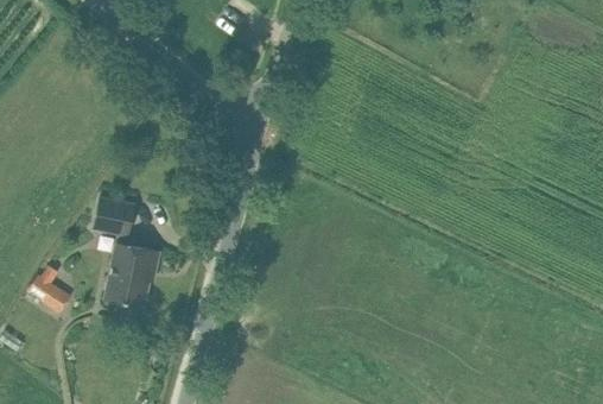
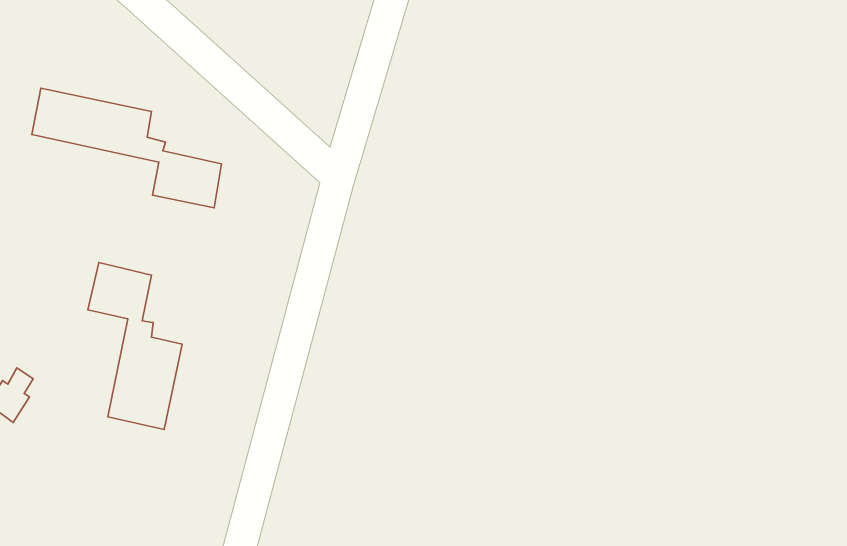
building: none -> [32,88,222,208]

